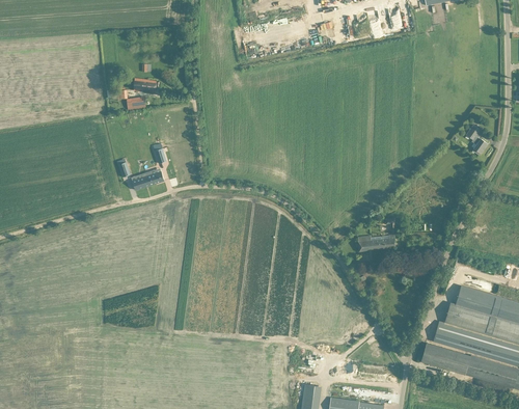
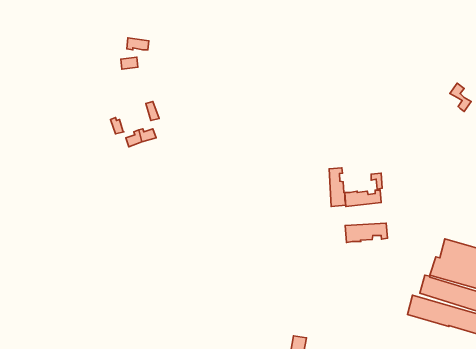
building: none -> [329,168,346,207]
building: none -> [345,223,387,243]

